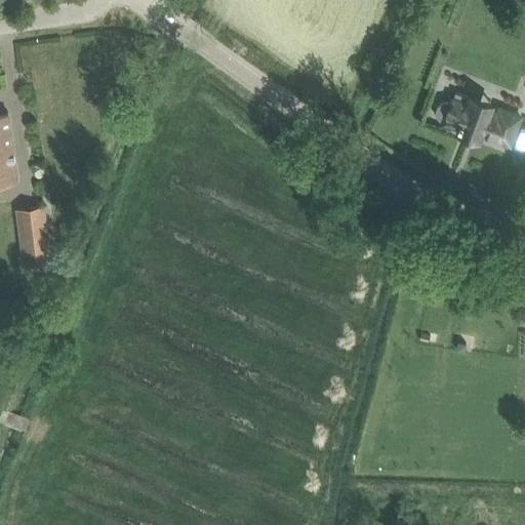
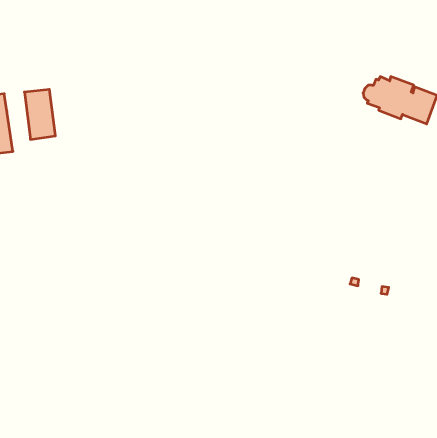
building: [12,207,49,267] -> [24,89,55,139]

